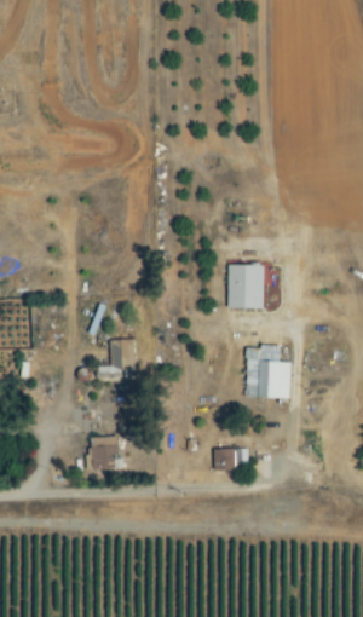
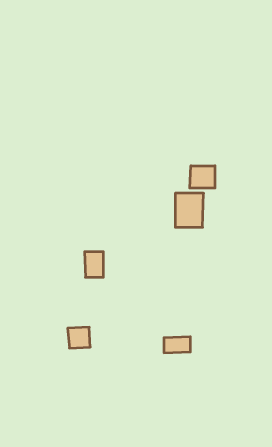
building: none -> [190,166,215,188]
building: [246,347,290,398] -> none

